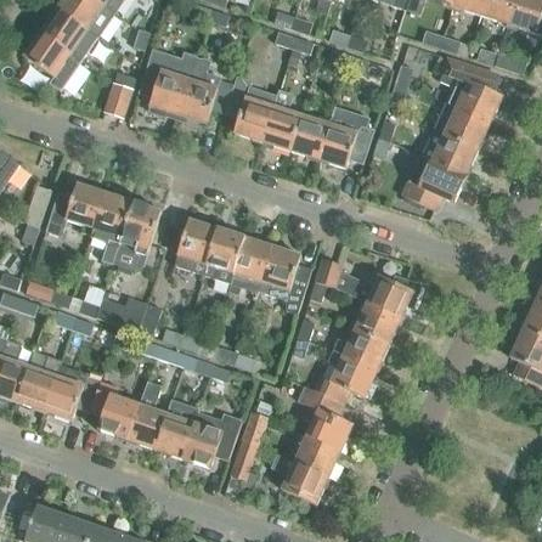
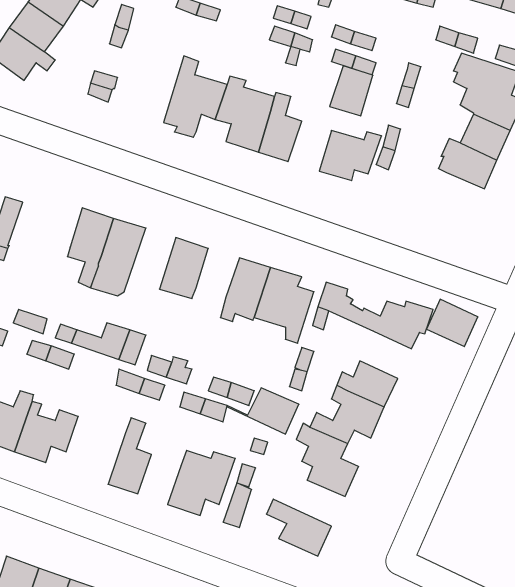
building: [137,47,197,117] -> none
building: [289,114,328,159] -> [330,66,373,116]
building: [402,156,465,211] -> none
building: [45,184,105,237] -> none
building: [203,228,245,282] -> none
building: [354,303,400,345] -> [426,299,478,347]
building: [90,379,143,440] -> none
building: [154,413,193,458] -> none
building: [276,436,340,478] -> [227,388,299,434]

